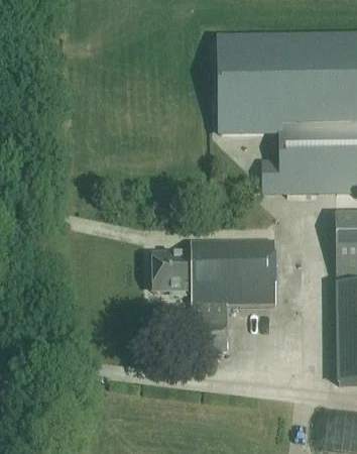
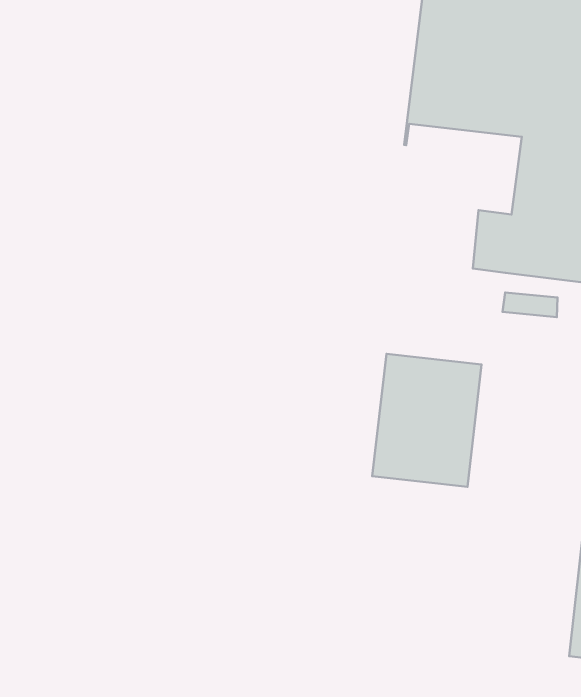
building: [153,240,226,346] -> none

